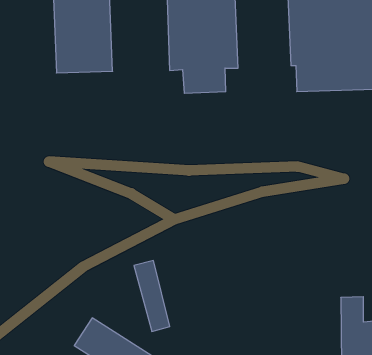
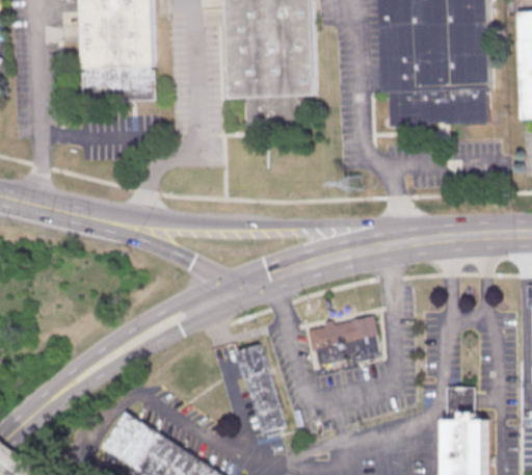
building: none -> [308,315,381,366]
building: [134,261,170,331] -> [238,343,284,433]

